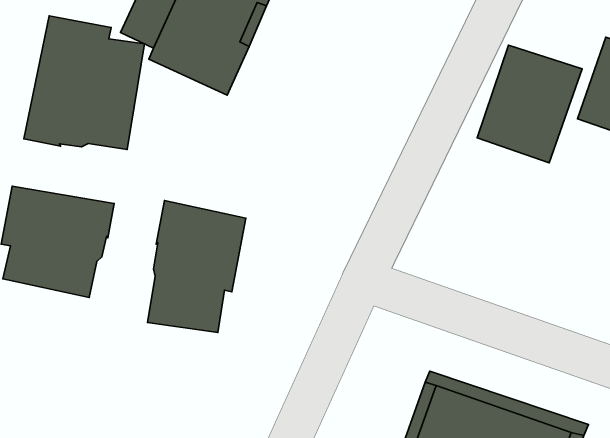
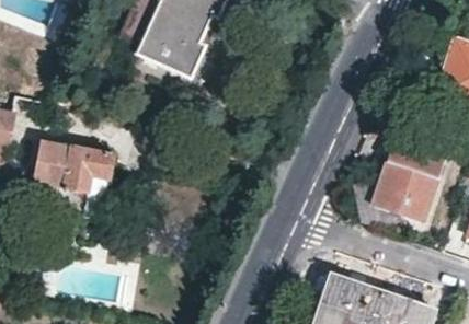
building: [24,16,144,150] -> none
building: [477,45,582,163] -> [373,138,446,220]
building: [147,200,246,332] -> none

